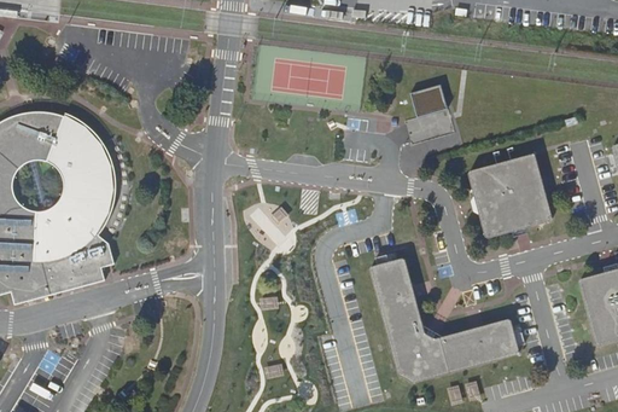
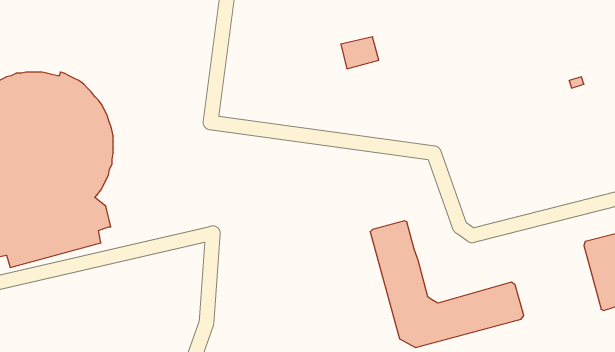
building: [409,83,447,115] -> [341,37,379,69]
building: [467,153,552,237] -> none

